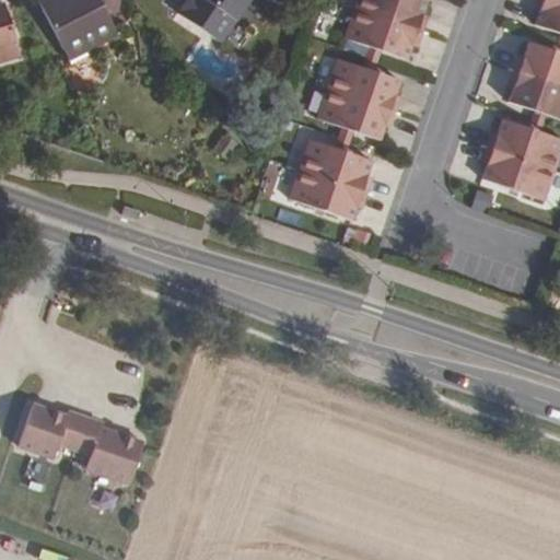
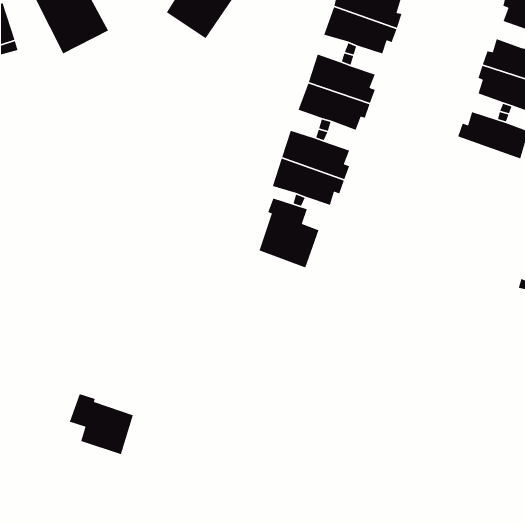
building: [482,145,555,199] -> none
building: none -> [258,197,320,268]
building: [18,405,85,458] -> none

